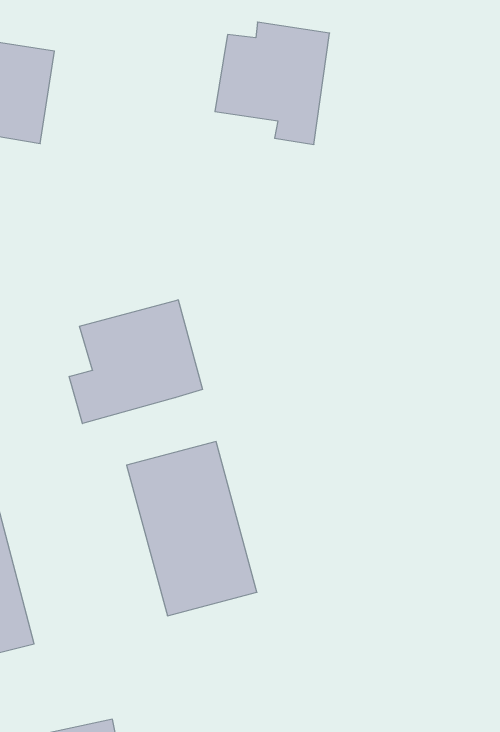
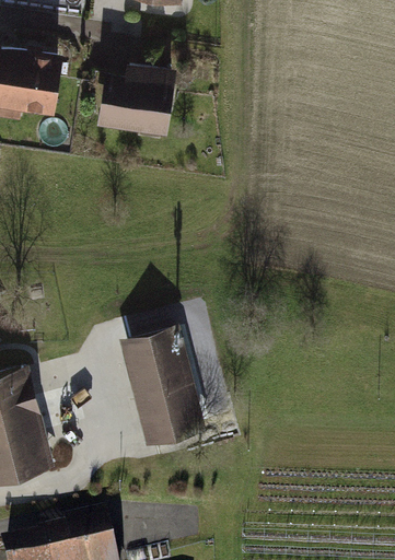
building: [215,22,330,144] -> [96,62,176,148]
building: [69,300,202,424] -> none

